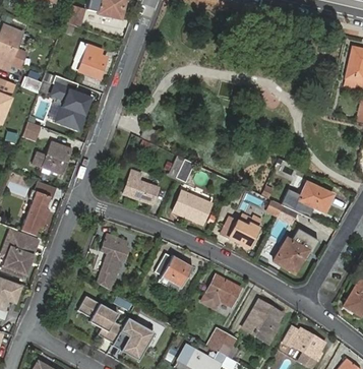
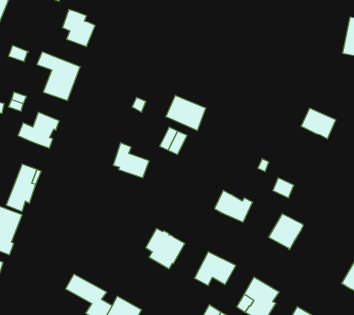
building: [300,182,334,211] -> [301,108,336,139]
building: [173,190,211,224] -> [166,95,206,130]
building: [101,233,123,275] -> none

